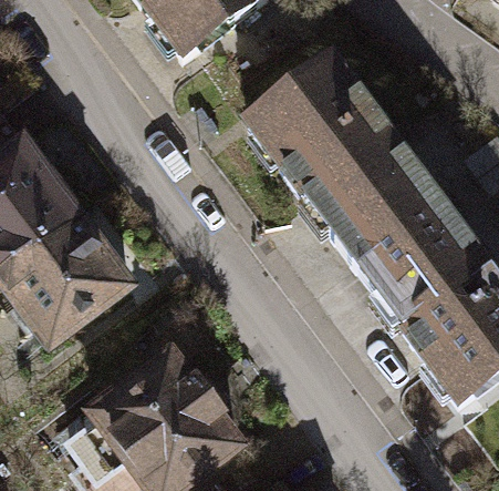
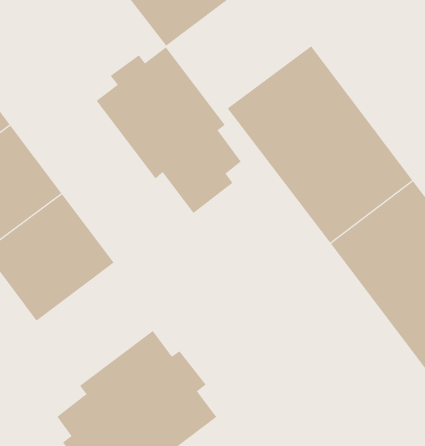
building: none -> [96,46,242,214]

